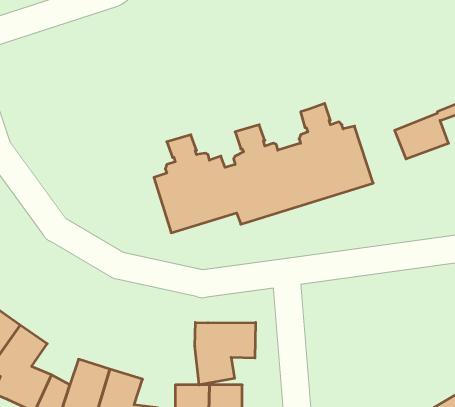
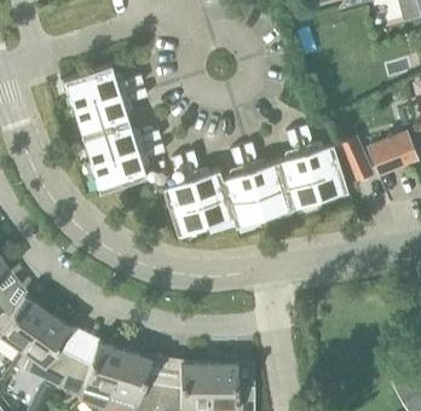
building: none -> [64,65,165,192]
building: none -> [336,134,374,183]
building: [195,322,256,385] -> none

